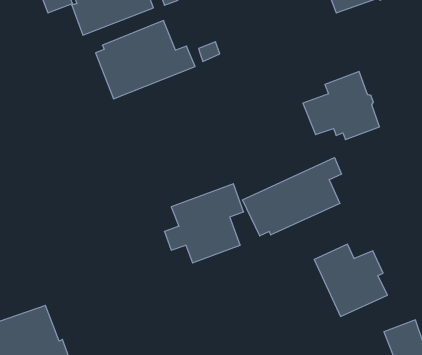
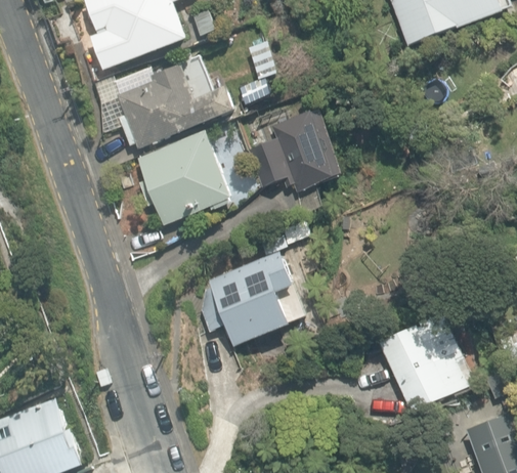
building: [303,72,379,140] -> [246,110,338,191]
building: none -> [137,129,233,224]
building: [243,158,341,236] -> none

